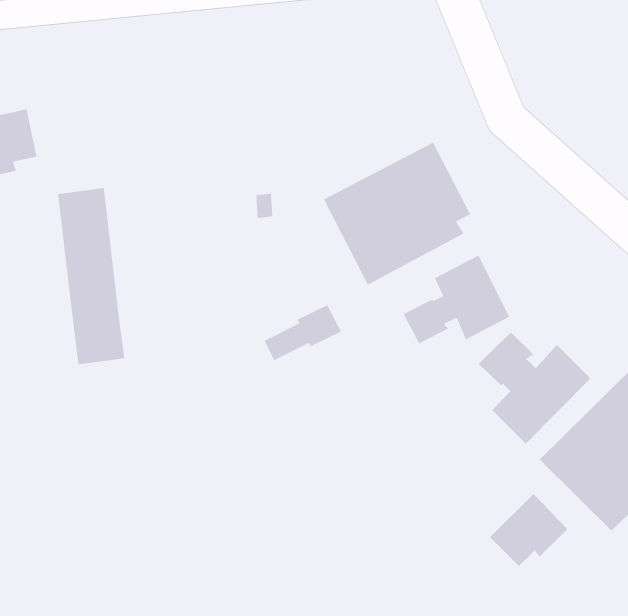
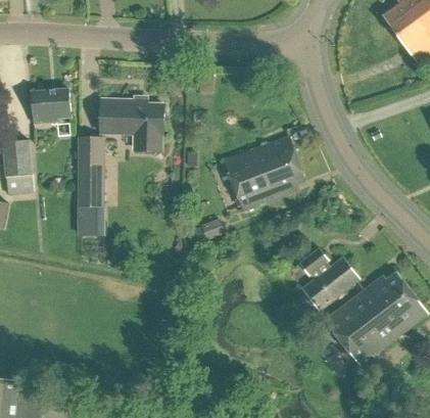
building: none -> [99,98,162,152]
building: [402,255,510,344] -> none
building: [489,493,568,567] -> none

